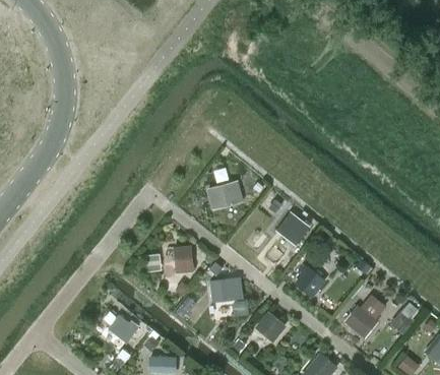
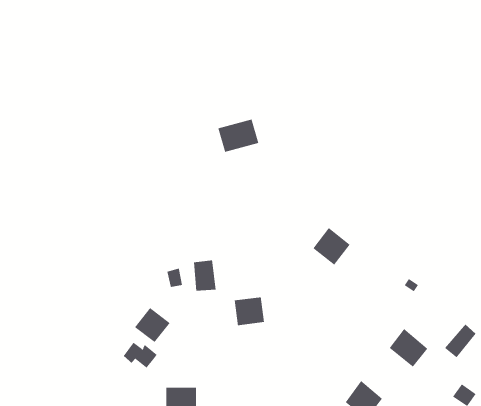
building: [207,178,244,207] -> [217,119,259,153]
building: [295,266,326,298] -> none
building: none -> [134,307,170,343]
building: [255,311,287,342] -> none

